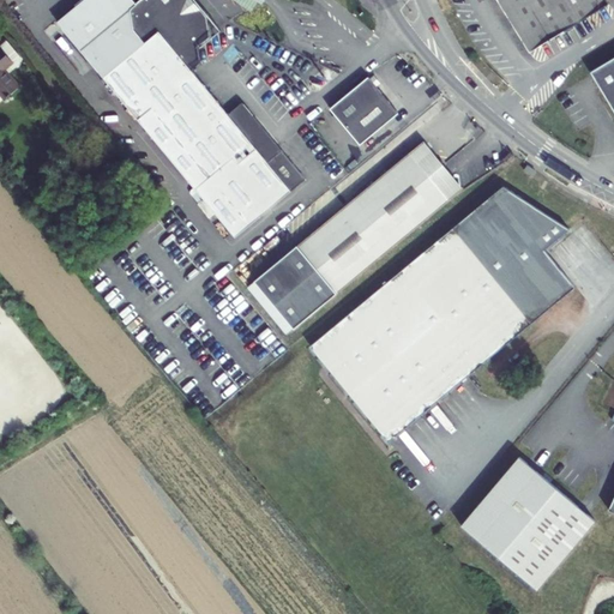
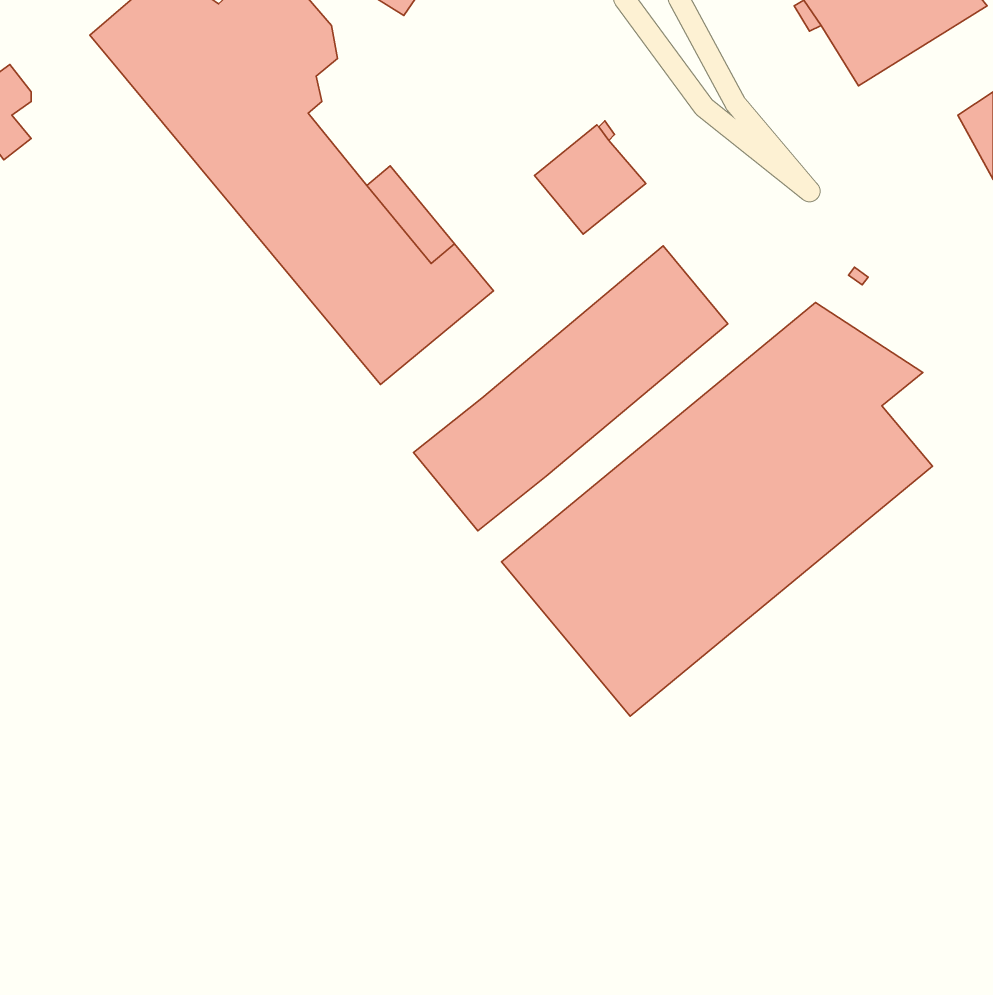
building: [408,140,462,199] -> none
building: [459,456,594,589] -> none

